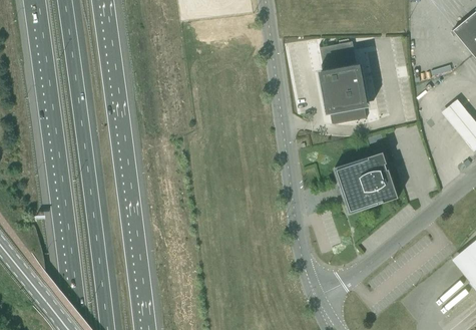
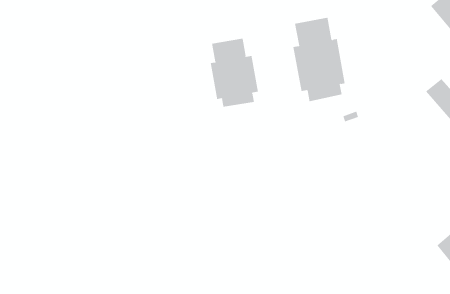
building: none -> [210,35,258,107]
building: [334,151,399,214] -> none

